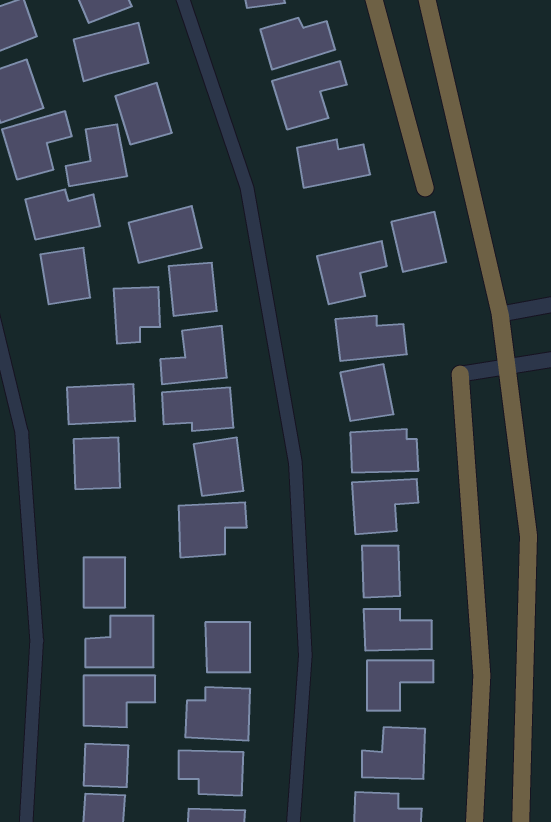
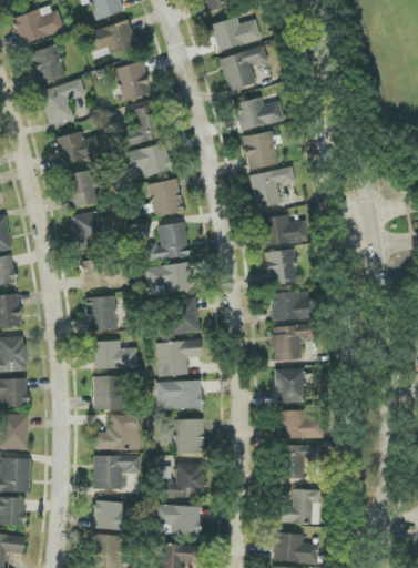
building: [66,124,127,186] -> [121,104,162,145]
building: [391,212,446,272] -> [242,130,278,170]
building: [114,287,160,344] -> [75,212,106,250]
building: none -> [92,341,137,369]
building: none -> [156,379,203,409]

